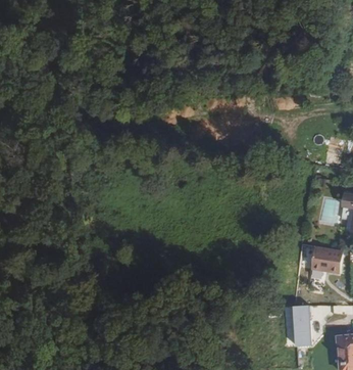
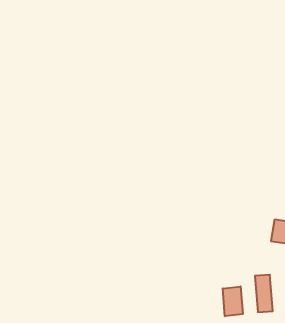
building: none -> [223,286,243,316]

